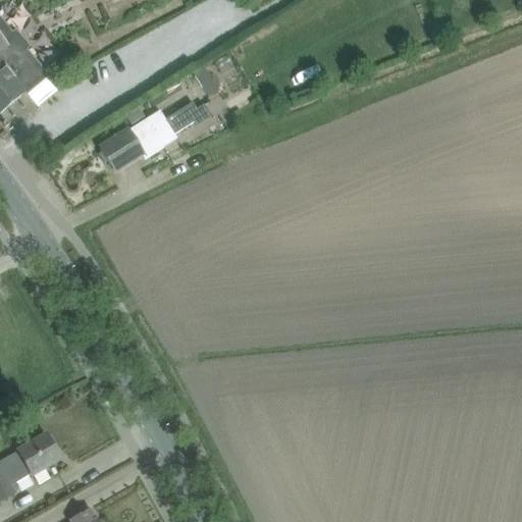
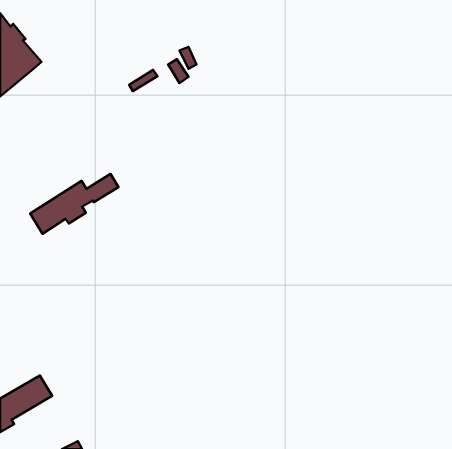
building: [100,101,202,170] -> [30,174,119,234]

